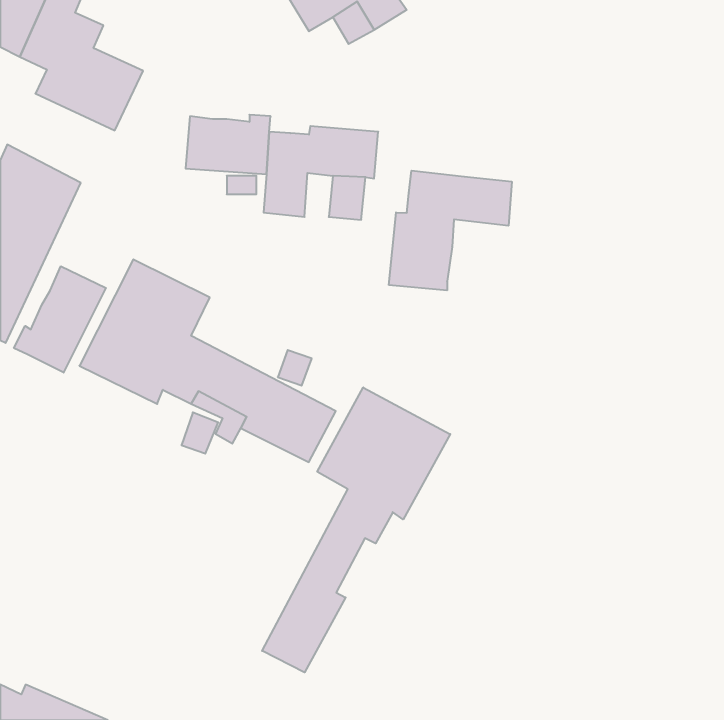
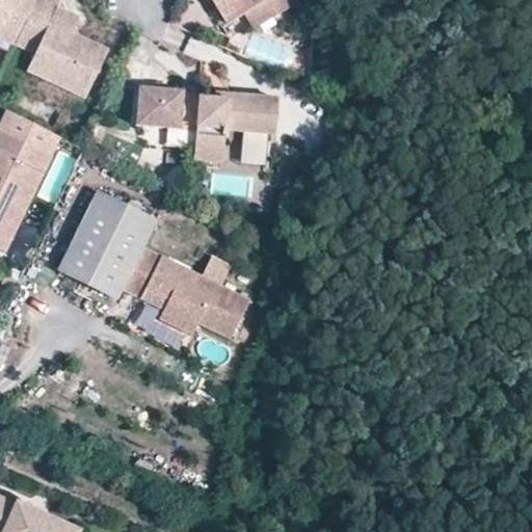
building: [389,171,512,290] -> none
building: [14,266,106,373] -> none
building: [262,387,450,672] -> none

